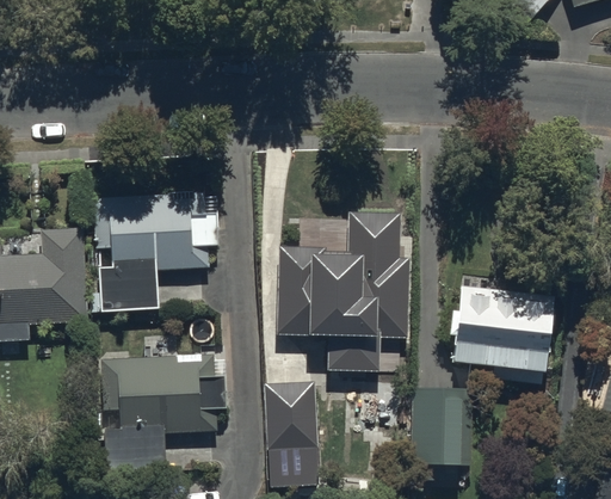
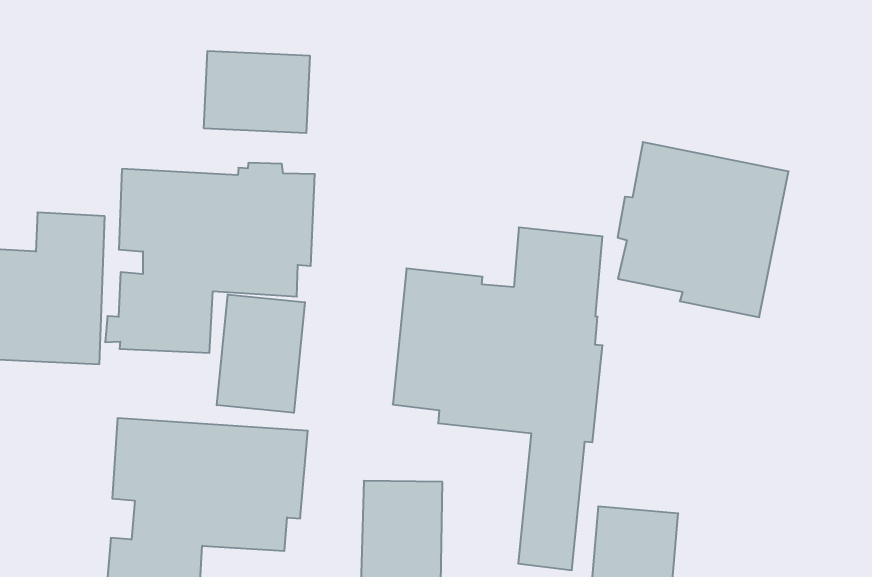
building: none -> [204,51,310,133]
building: none -> [217,294,305,413]
building: [450,281,555,386] -> [618,142,789,317]

